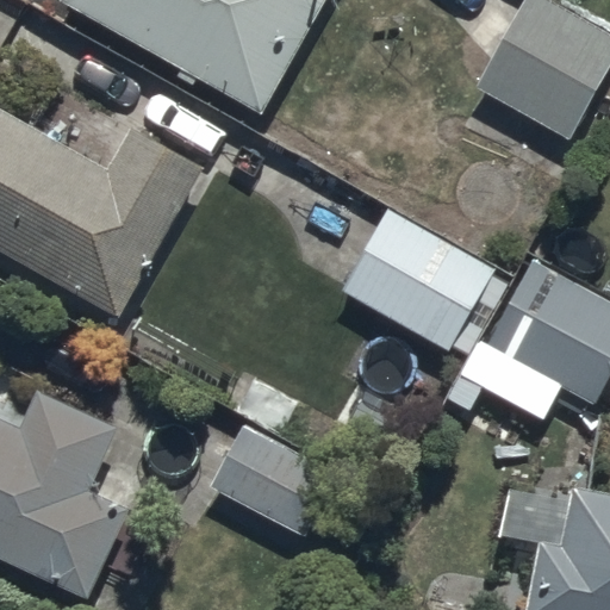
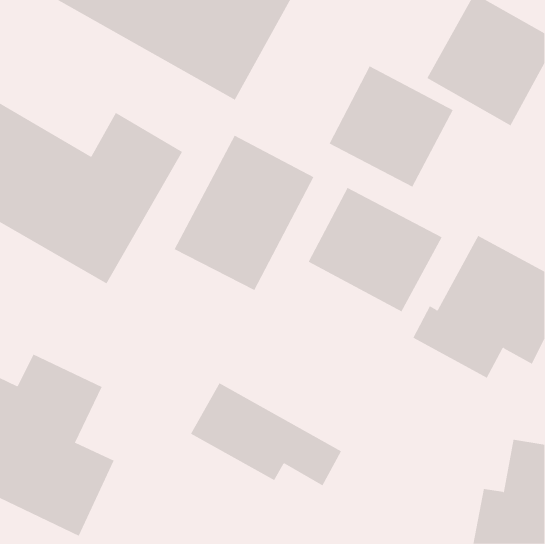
building: none -> [329,65,453,187]
building: none -> [174,135,314,291]

